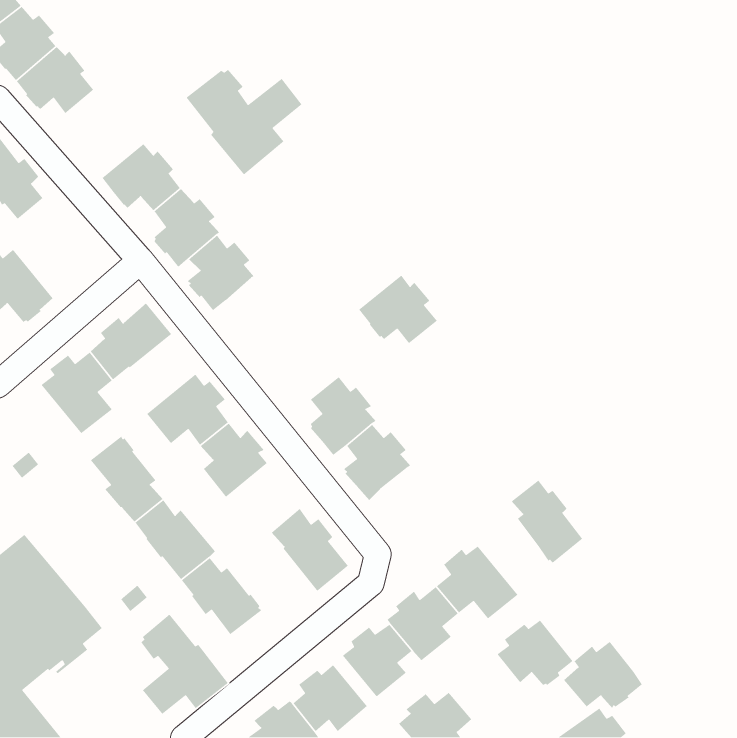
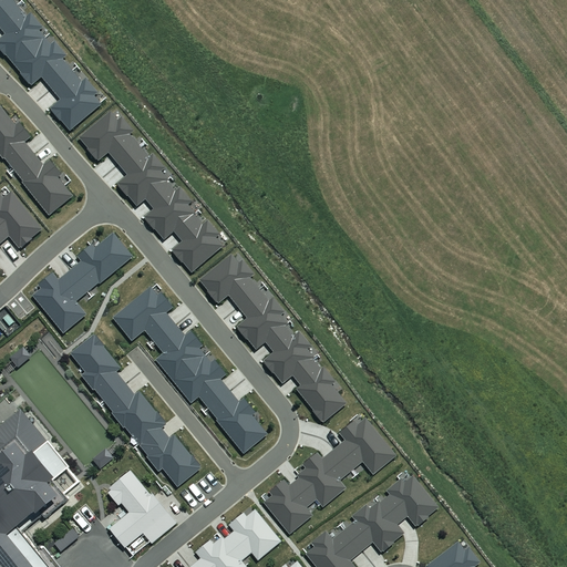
building: [186,69,303,175] -> none
building: none -> [50,69,101,130]
building: none -> [13,152,72,215]
building: [358,275,438,344] -> [198,252,259,306]
building: none -> [172,213,223,271]
building: none -> [173,354,229,408]
building: [511,480,583,563] -> [291,358,347,422]
building: [563,641,643,709] -> [343,499,404,551]

